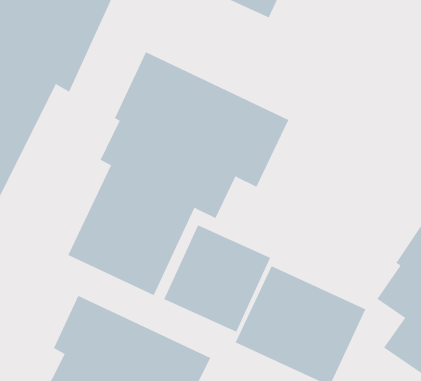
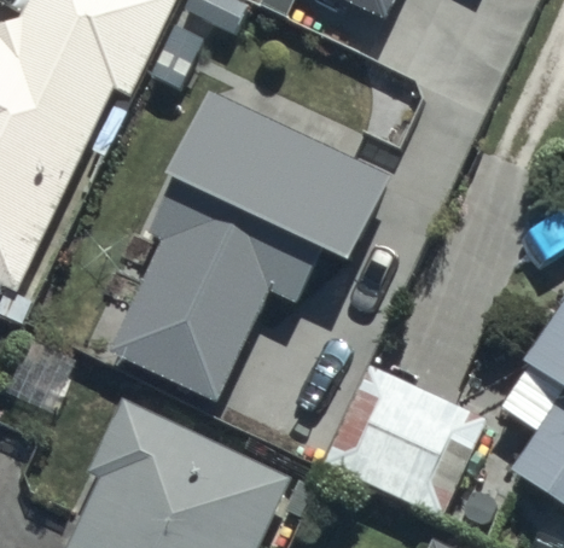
building: [163,225,271,332] -> none

